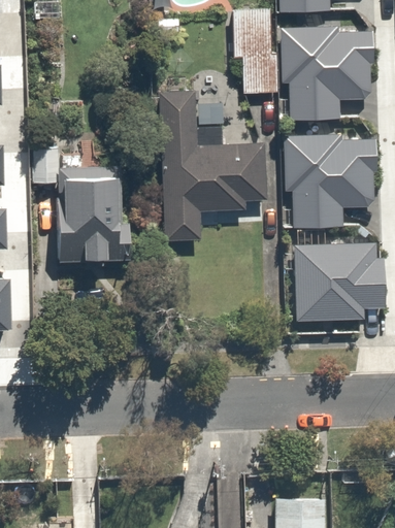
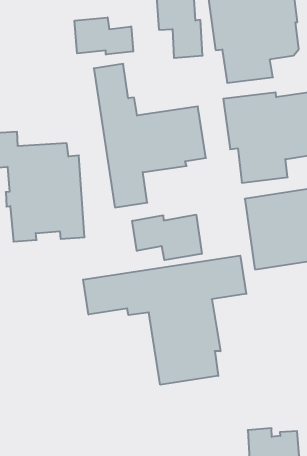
building: none -> [75,17,133,55]
building: none -> [132,215,202,260]
building: none -> [83,256,246,385]

